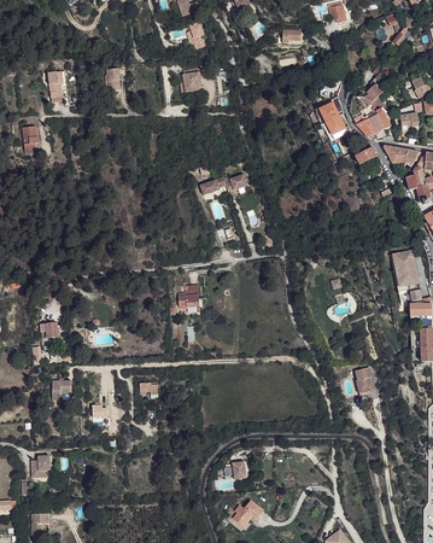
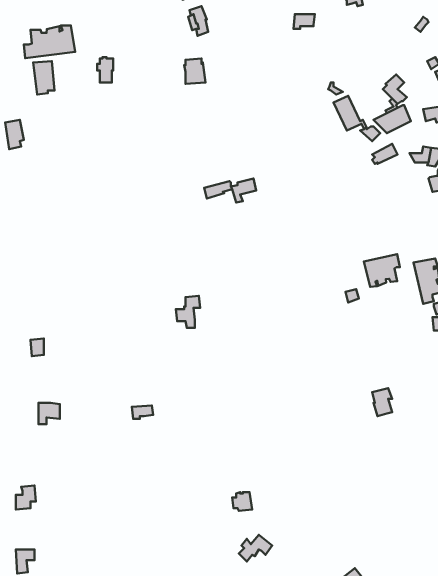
building: none -> [24,25,75,58]
building: none -> [364,254,400,287]

